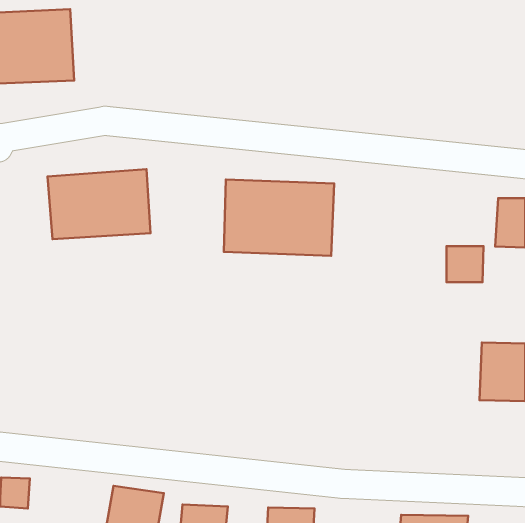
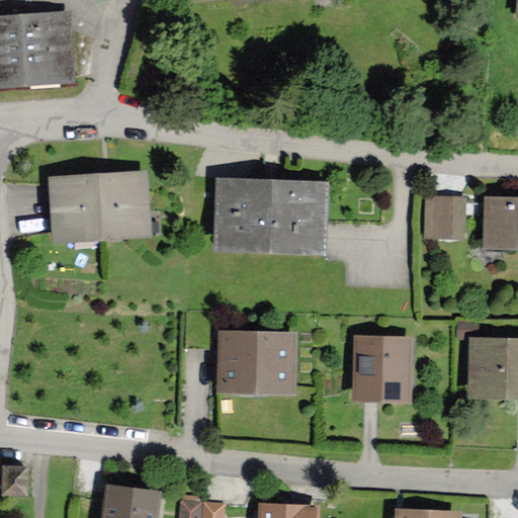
building: [446,246,484,282] -> [429,201,465,237]
building: none -> [210,331,301,395]
building: none -> [353,335,414,400]

